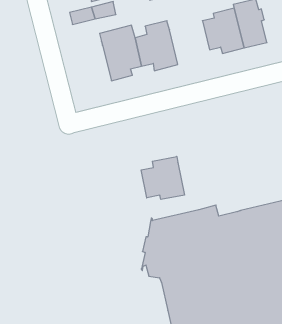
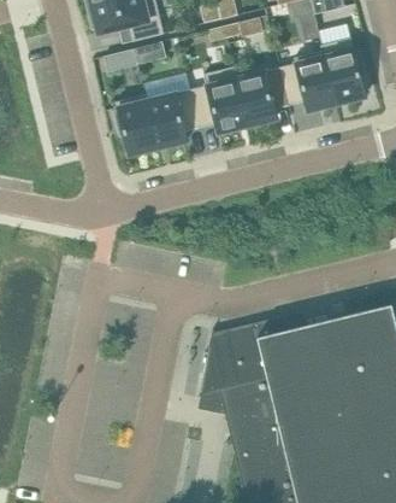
building: none -> [237,68,290,125]
building: none -> [116,95,160,156]
building: [141,156,184,199] -> none

